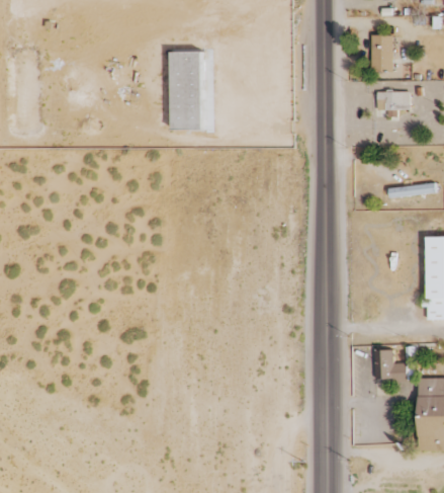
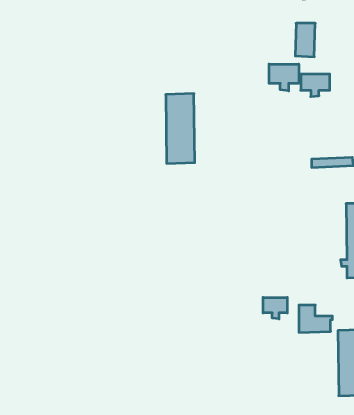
building: [174,51,206,129] -> [166,94,195,163]
building: none -> [269,64,299,91]
building: none -> [263,297,287,319]

